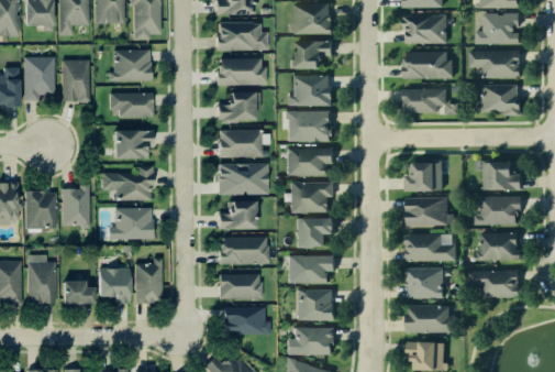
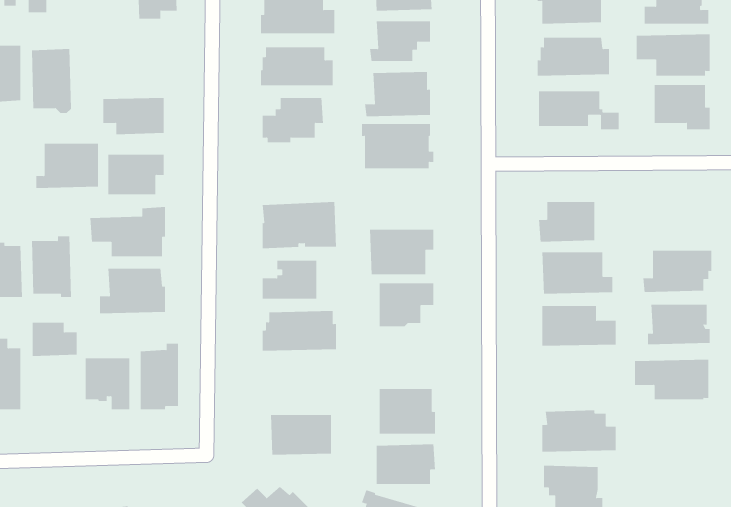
building: [108,51,151,81] -> [36,143,99,189]
building: [218,130,262,156] -> none
building: [287,147,333,175] -> none
building: [484,162,522,189] -> none
building: [289,255,334,283] -> none
building: [407,267,444,298] -> none
building: [219,274,263,298] -> none
building: [62,282,92,305] -> [32,322,77,356]

